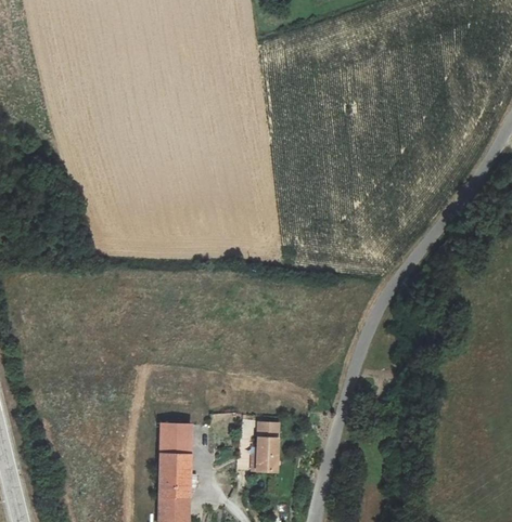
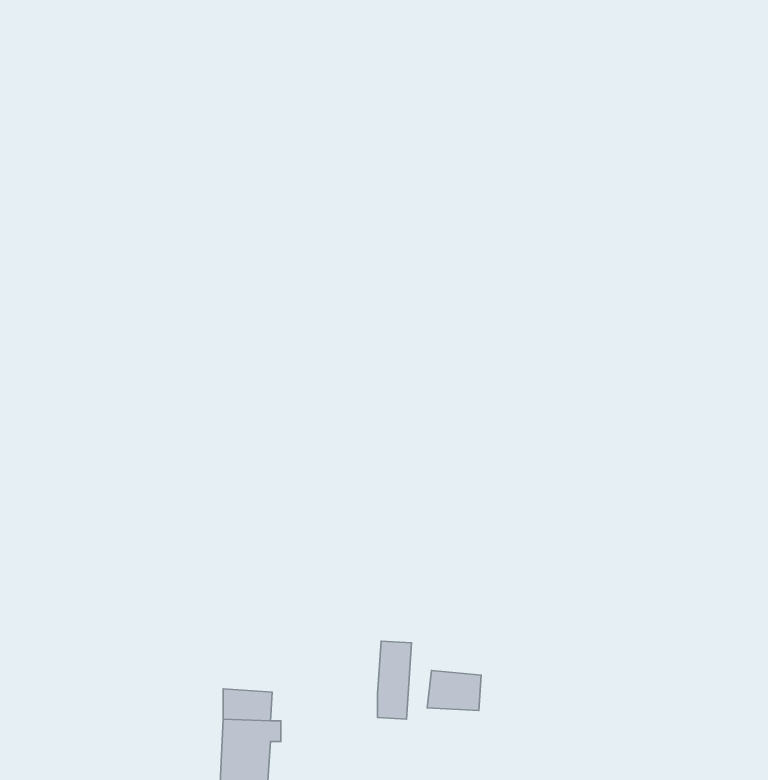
building: [158,423,191,456] -> none
building: none -> [427,671,481,711]

